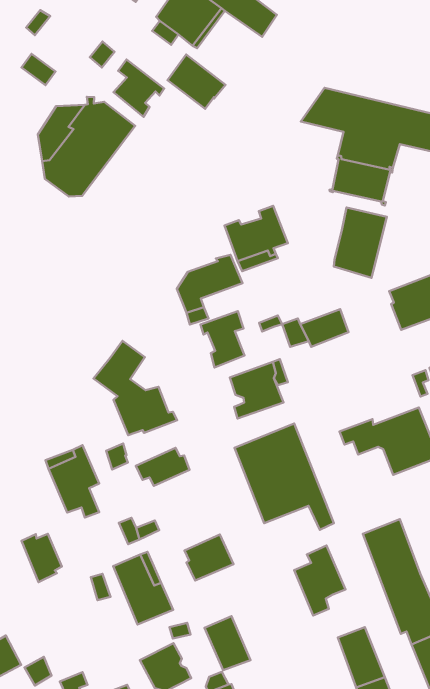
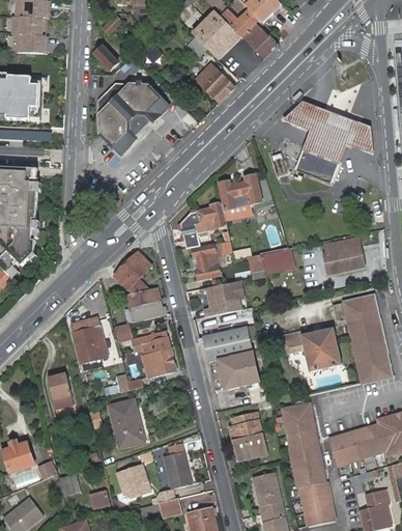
building: [113,60,164,117] -> none
building: [334,208,387,278] -> none
building: [185,535,234,581] -> [143,346,175,375]

